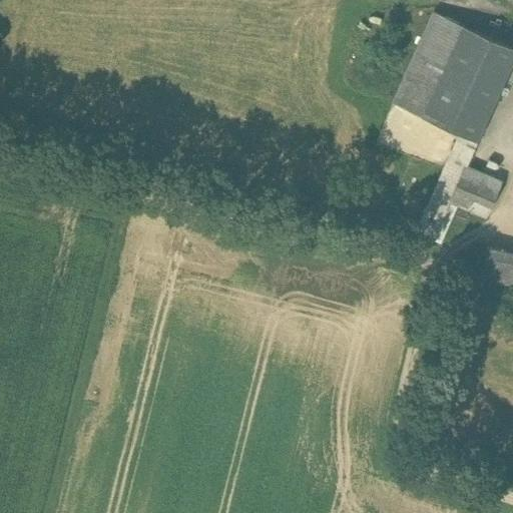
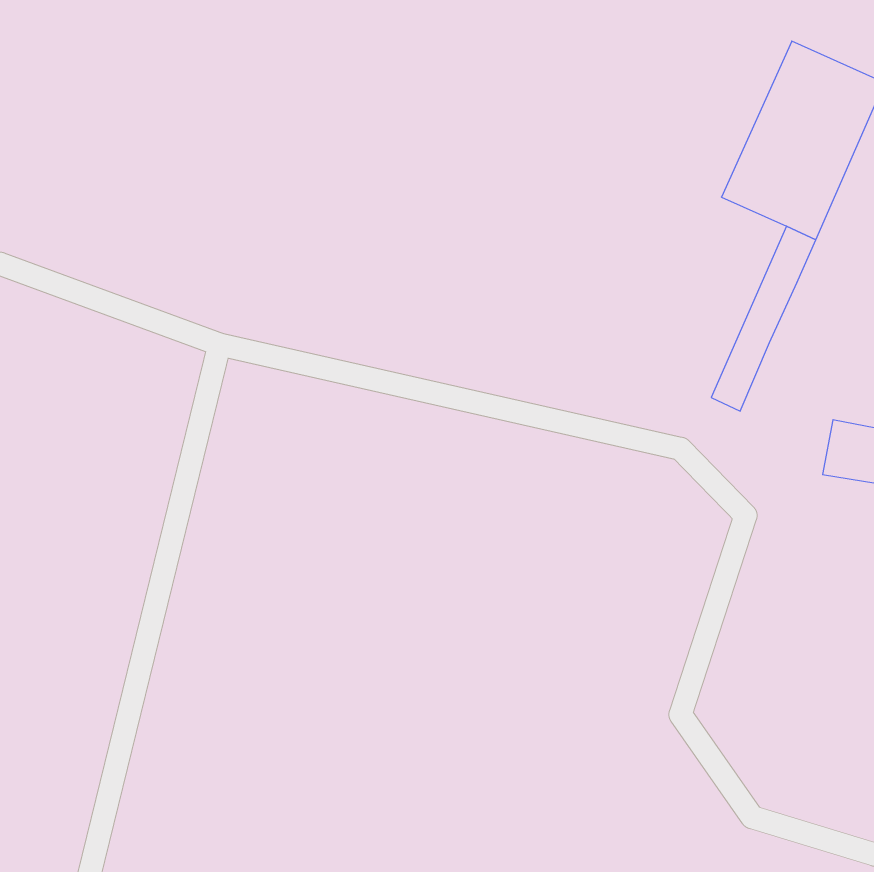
building: [394,13,464,117] -> none
building: [451,167,503,218] -> none

